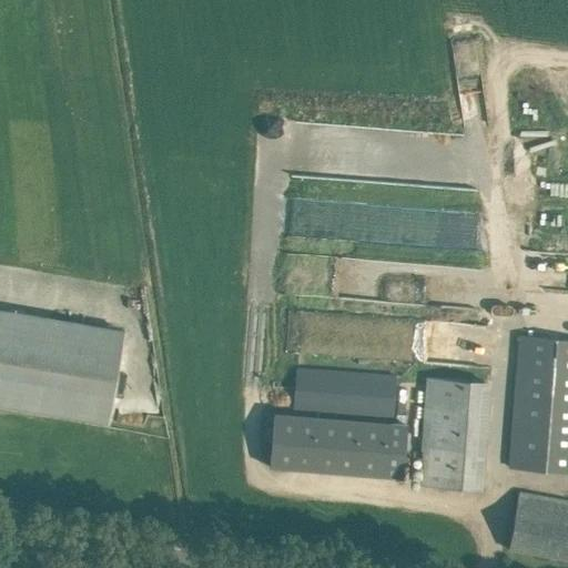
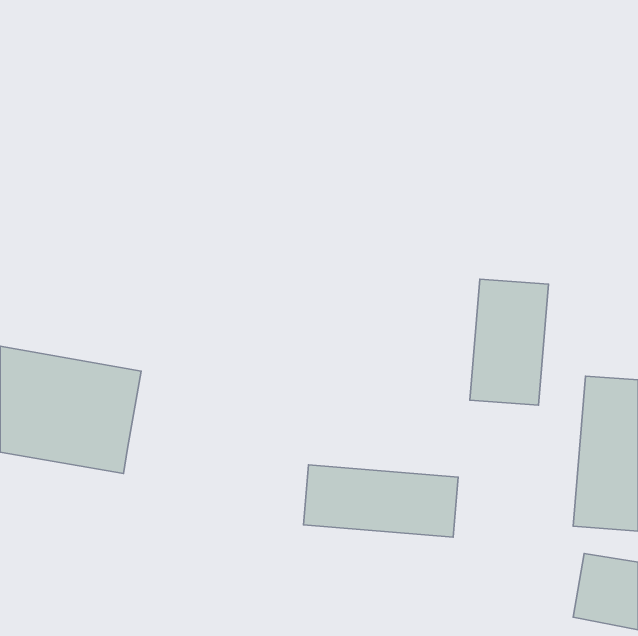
building: [294,369,396,418] -> none
building: [420,379,490,491] -> [470,279,549,405]

